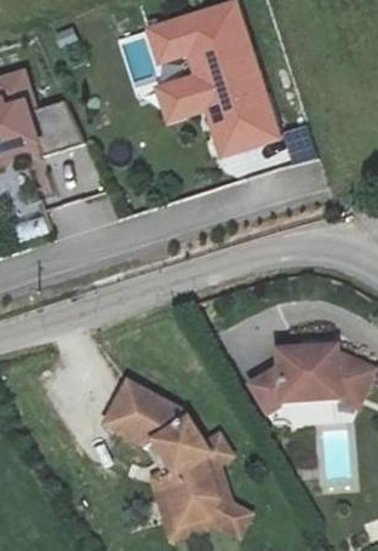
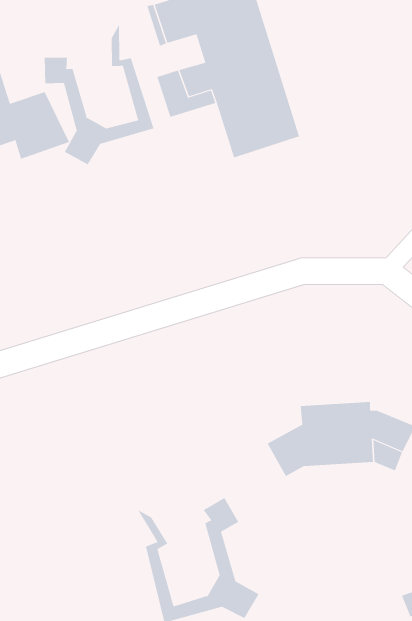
building: none -> [44,23,154,165]
building: [102,380,211,526] -> none

